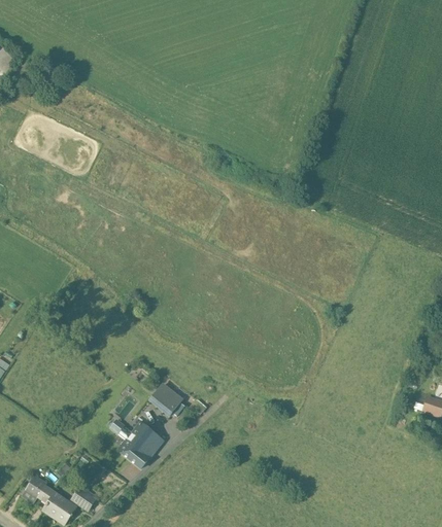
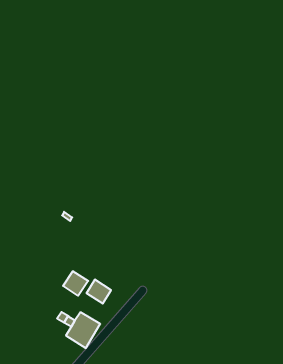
building: none -> [63,271,88,296]

